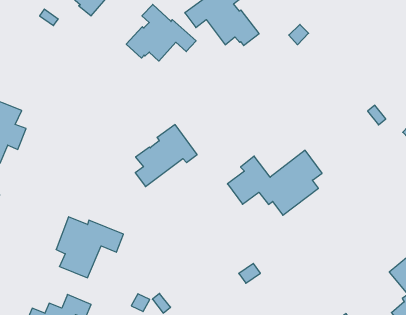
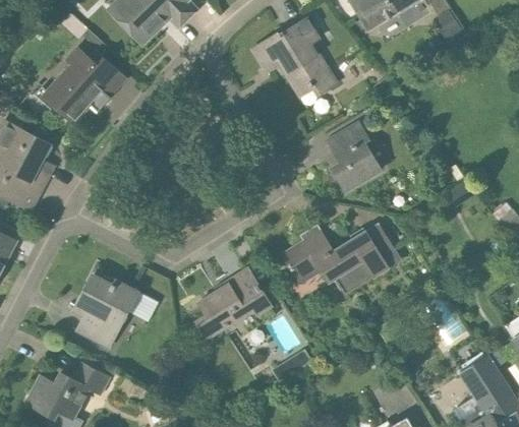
building: [126,4,196,61] -> none
building: none -> [43,48,126,123]
building: none -> [329,123,381,190]
building: [135,125,197,187] -> [196,268,271,338]

